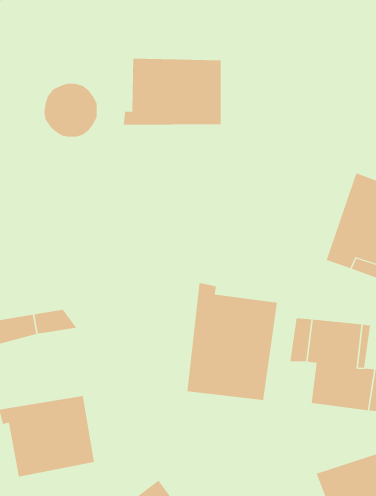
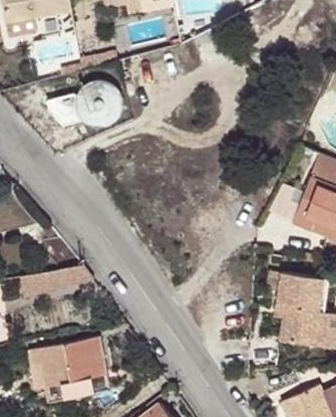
building: [123,58,221,126] -> none
building: [187,282,277,401] -> none

